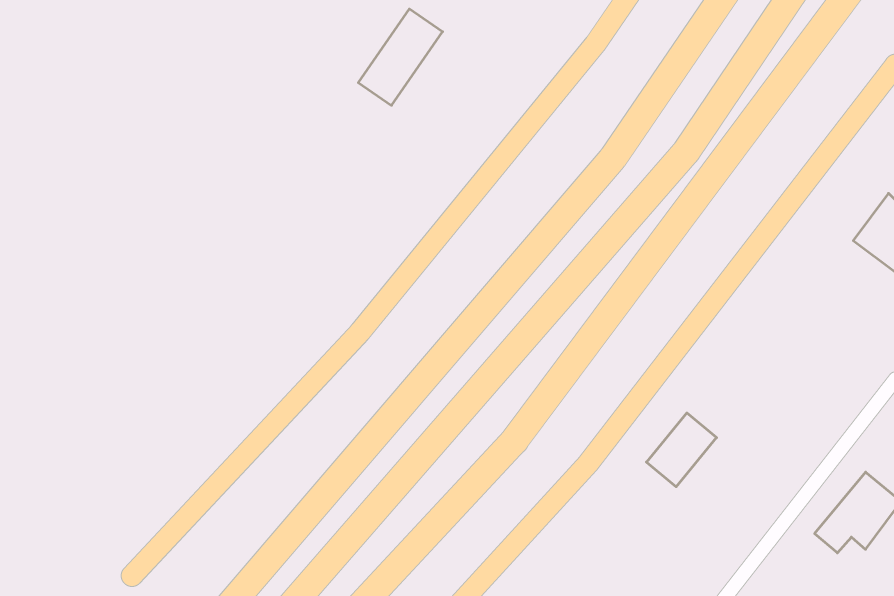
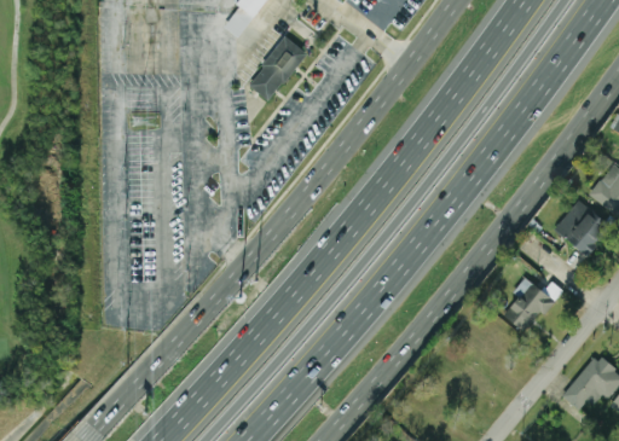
building: none -> [554,201,611,255]
building: [646,413,717,487] -> [504,282,553,332]

